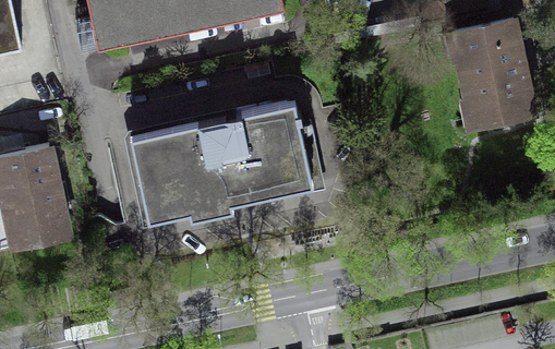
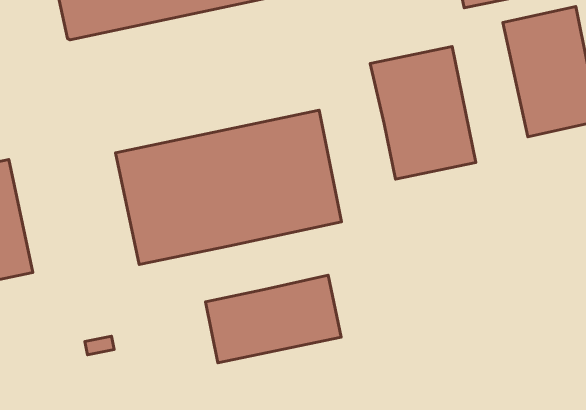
building: none -> [370,47,476,179]
building: none -> [205,275,341,363]

